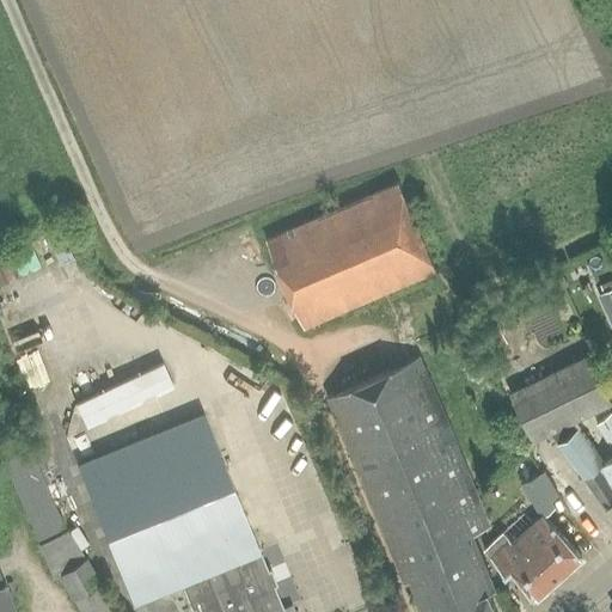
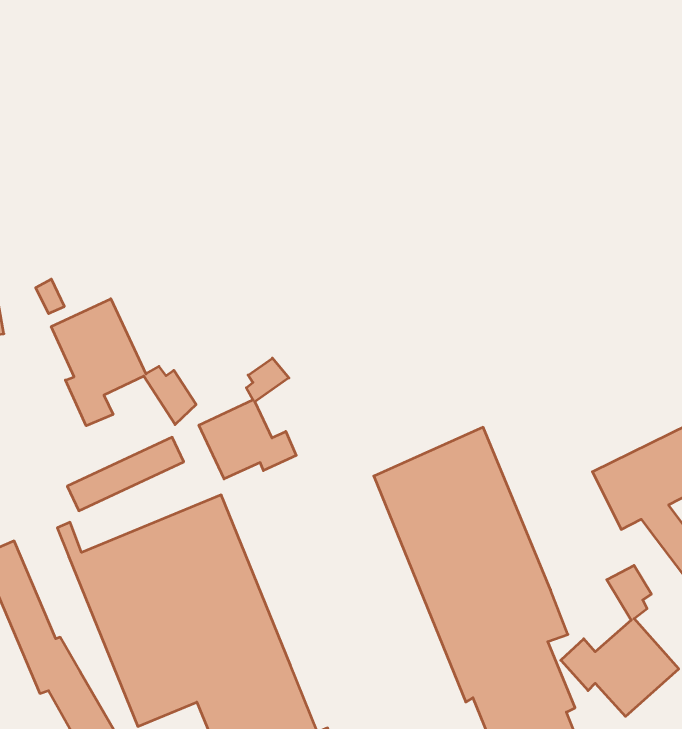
building: [267,186,436,331] -> none
building: none -> [51,299,196,426]
building: none -> [199,358,296,479]

